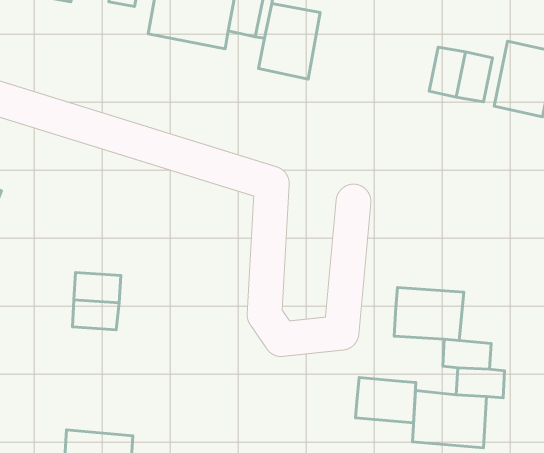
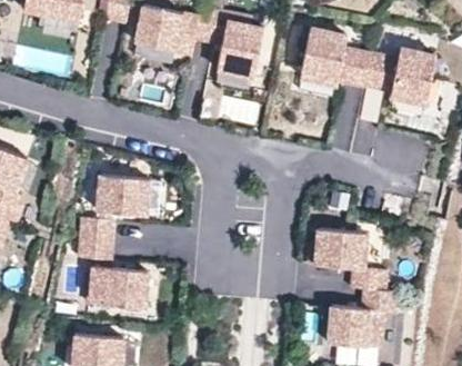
building: none -> [299,28,345,87]
building: none -> [98,176,148,215]
building: none -> [88,267,147,307]
building: [356,378,416,423] -> none

